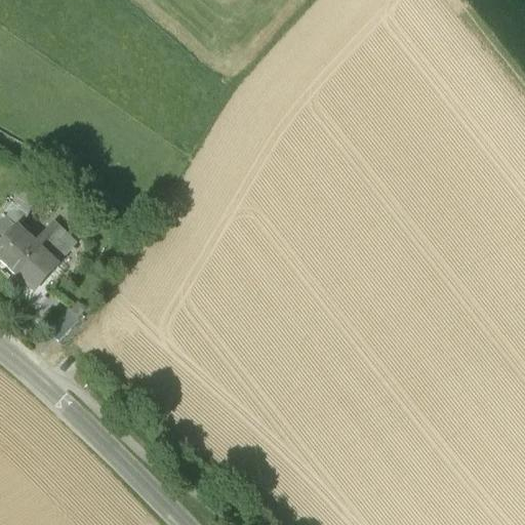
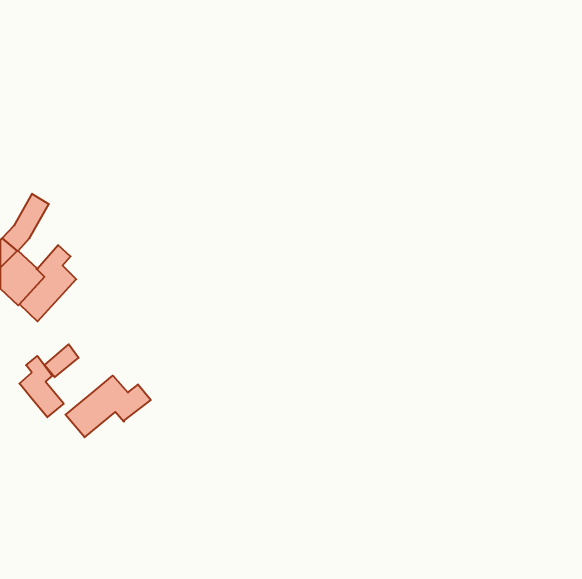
building: none -> [19,356,64,417]
building: none -> [65,376,151,437]

